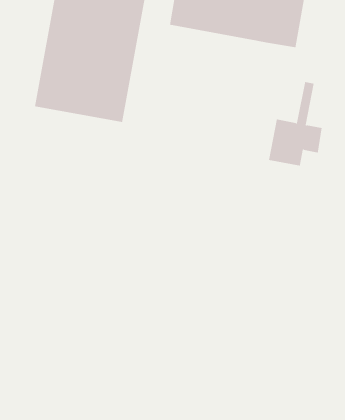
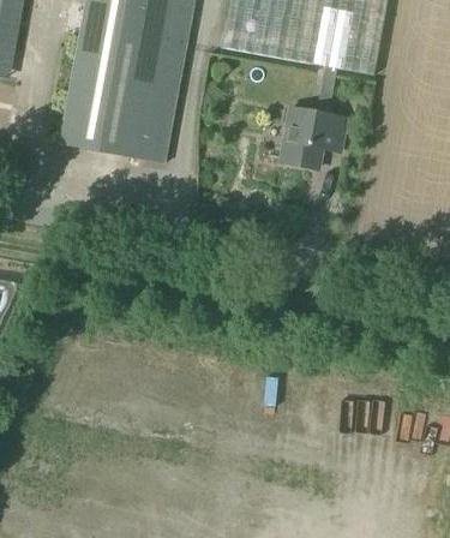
building: [268,82,323,166] -> [281,65,346,166]

